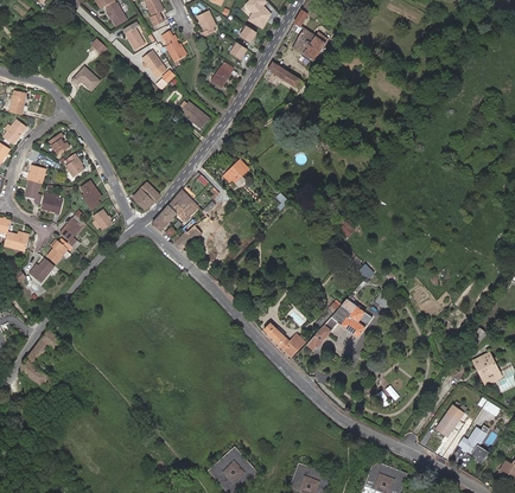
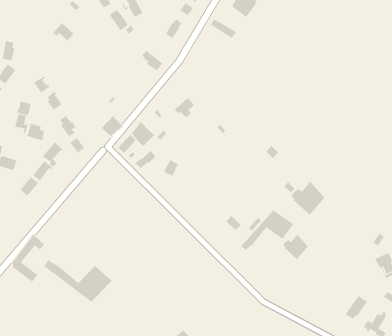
building: none -> [290,181,325,215]
building: [262,322,305,357] -> none
building: none -> [282,234,309,260]
building: none -> [43,259,113,302]

